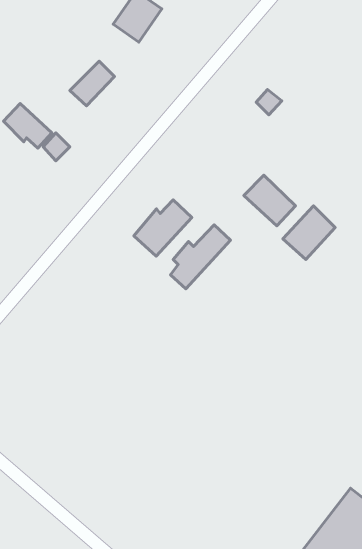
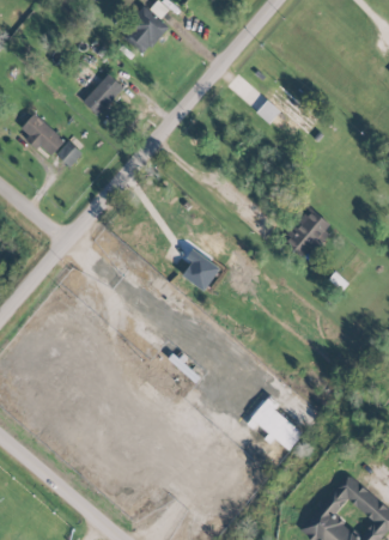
building: [244,175,295,226] -> none
building: [134,200,192,256] -> none
building: none -> [254,398,304,451]

